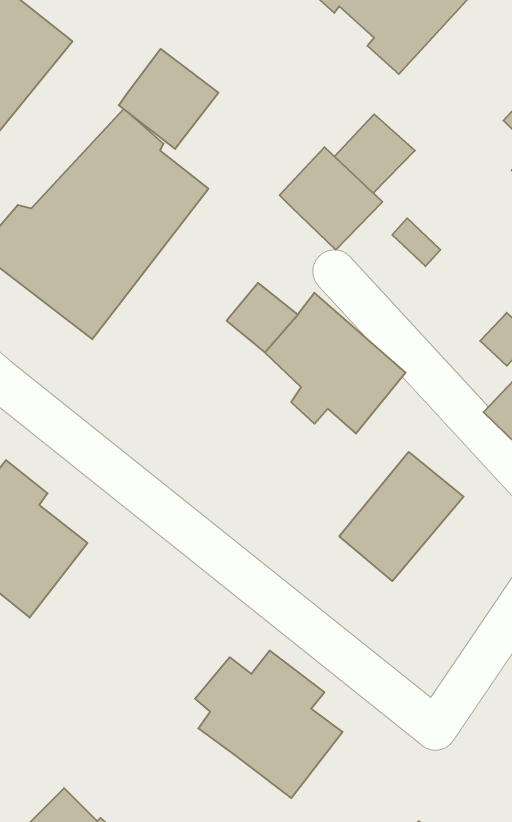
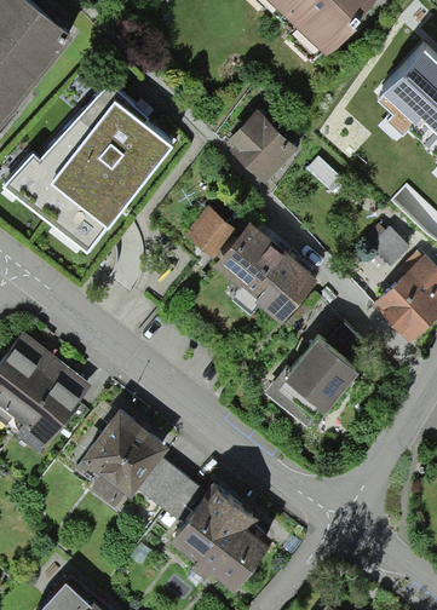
building: [119,49,218,149] -> none
building: [334,114,415,193] -> none
building: none -> [74,409,189,512]

